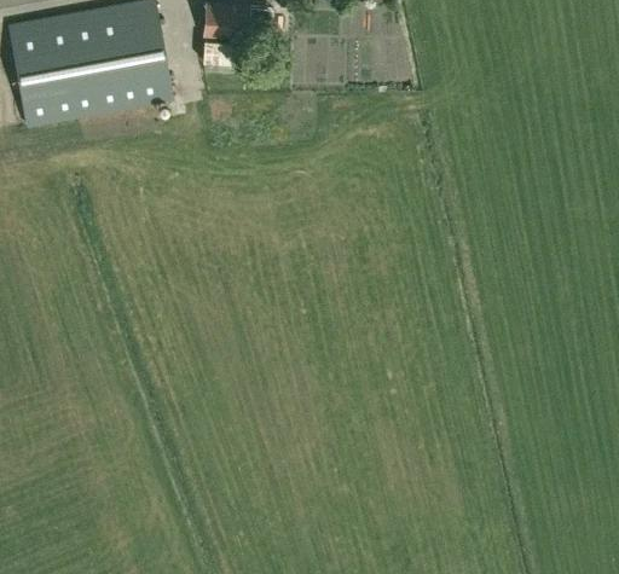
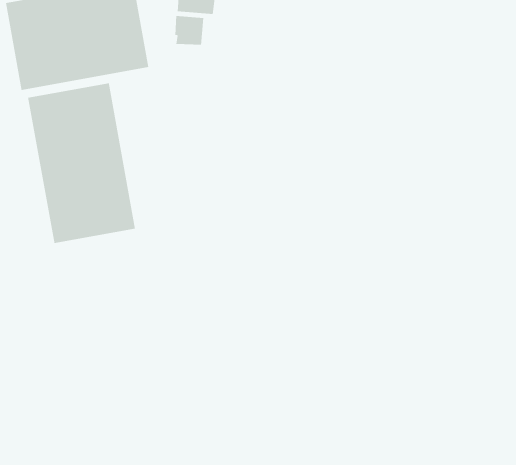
building: none -> [28,82,136,244]

